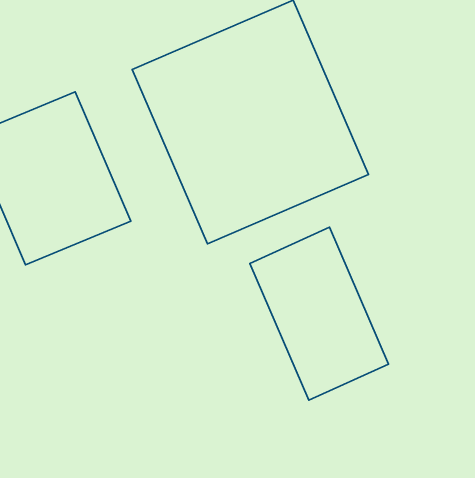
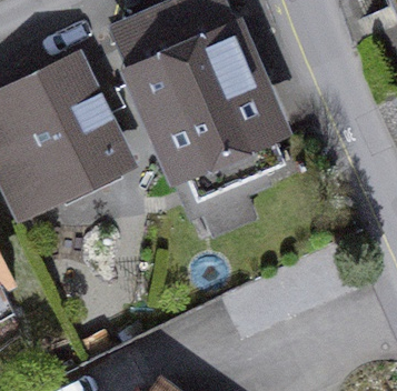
building: [250,227,388,400] -> none

